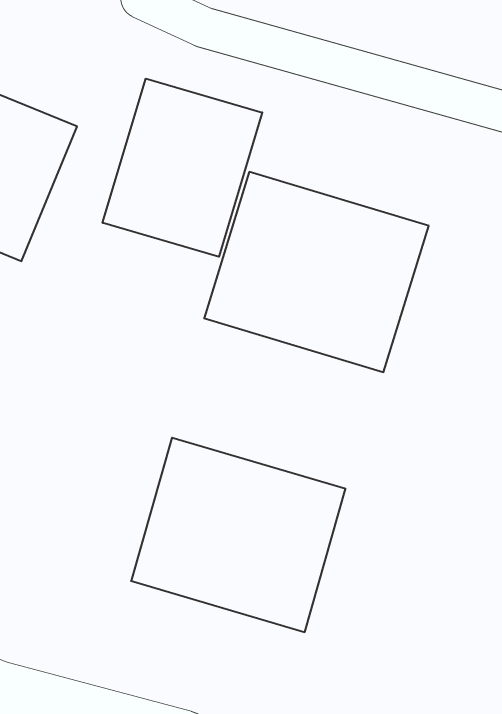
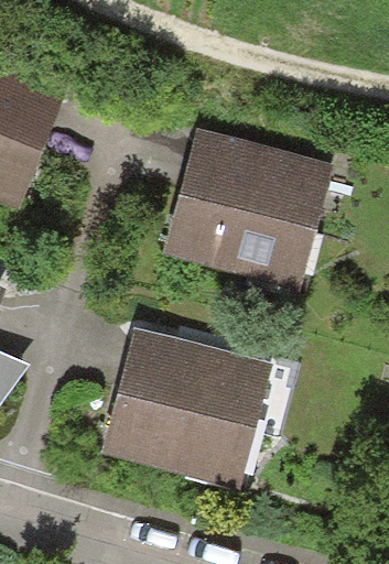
building: [103,79,262,257] -> none

